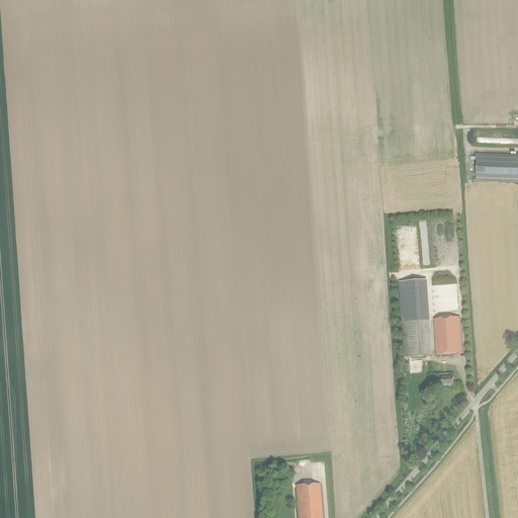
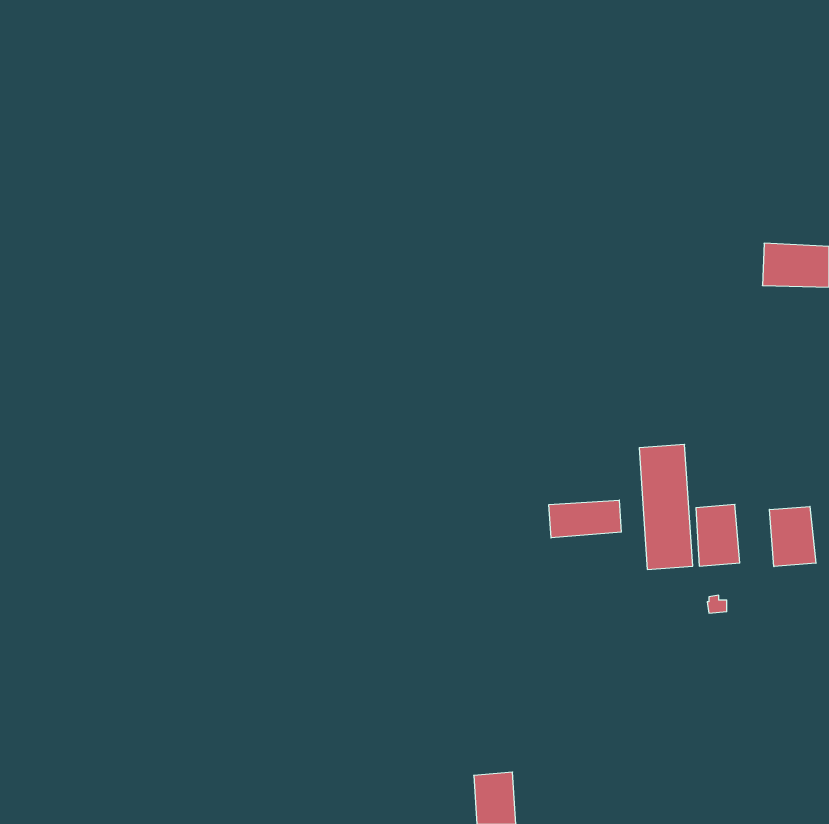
building: none -> [549,500,621,538]
building: none -> [769,506,816,567]

